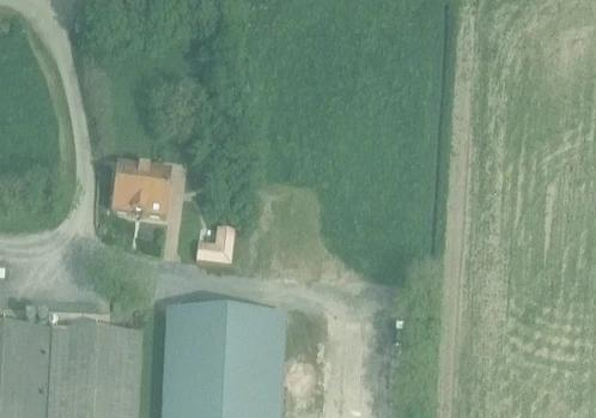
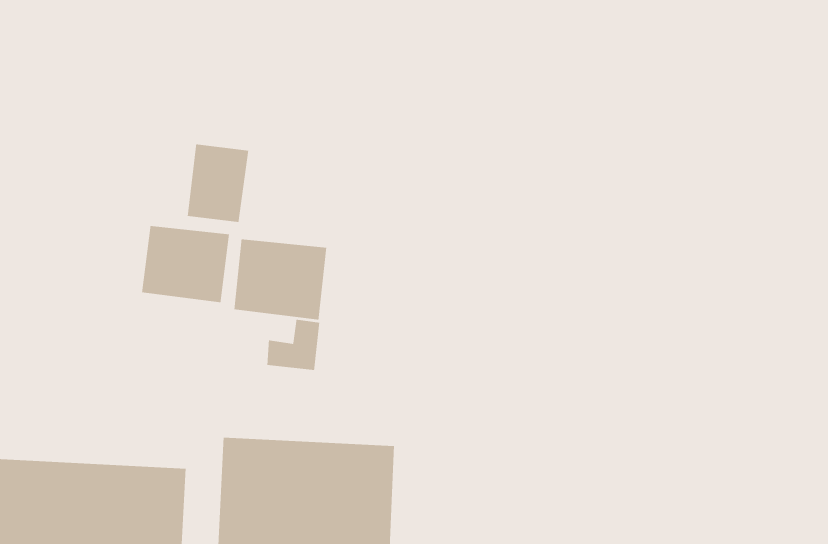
building: none -> [187,144,249,223]
building: none -> [234,238,327,320]

